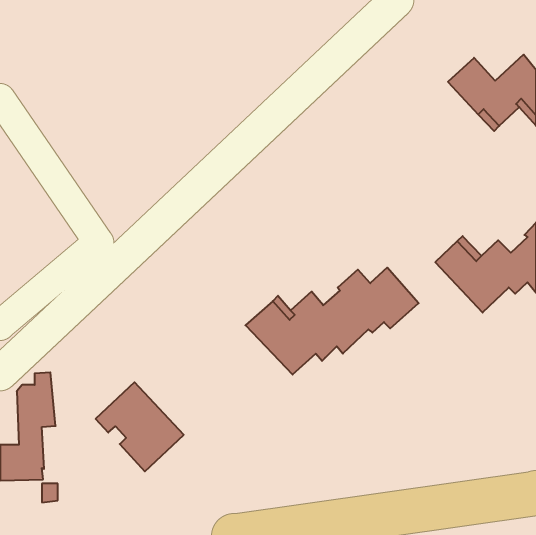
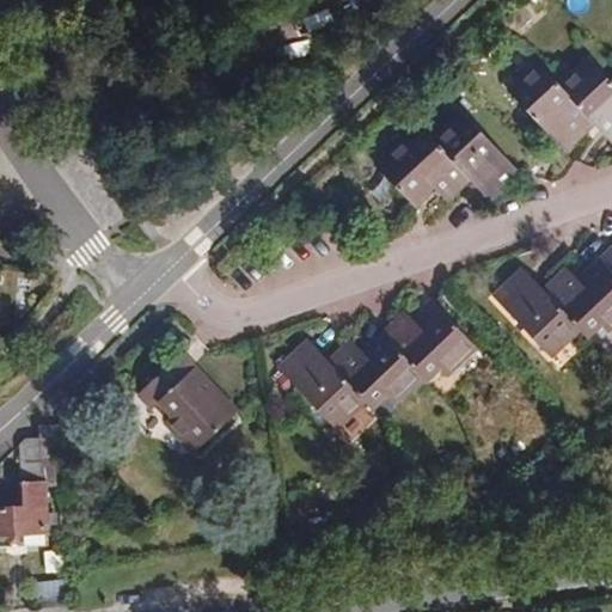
building: none -> [375,115,519,204]
building: [96,382,184,471] -> [135,355,235,457]

